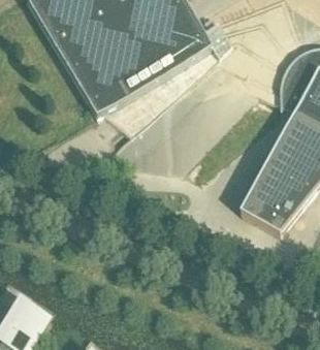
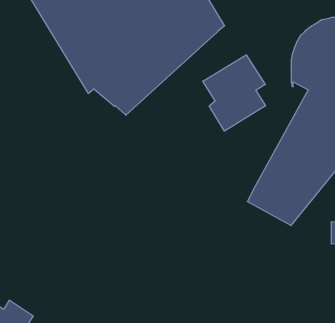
building: none -> [203,55,265,131]

